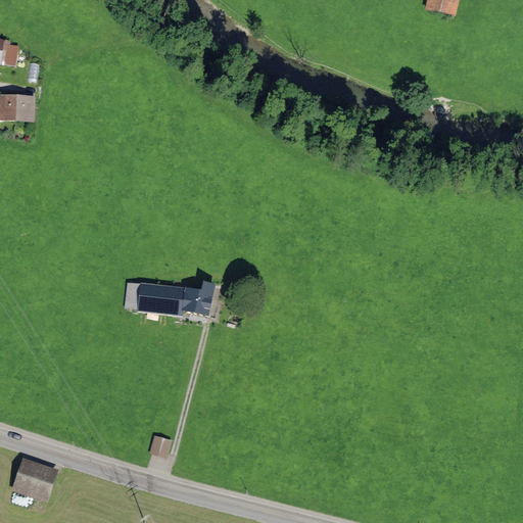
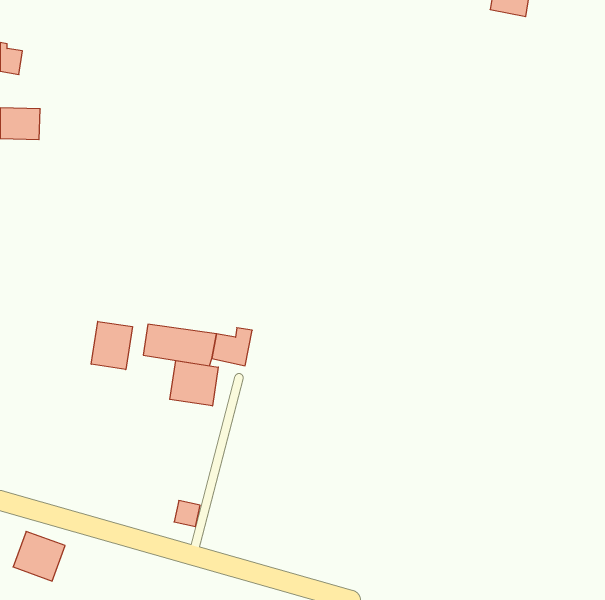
building: none -> [91,321,132,370]
building: none -> [170,361,218,406]

